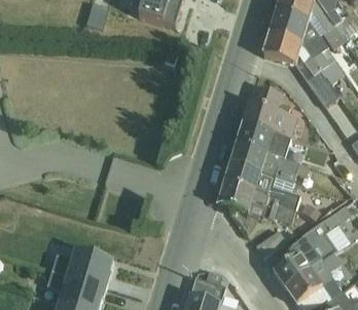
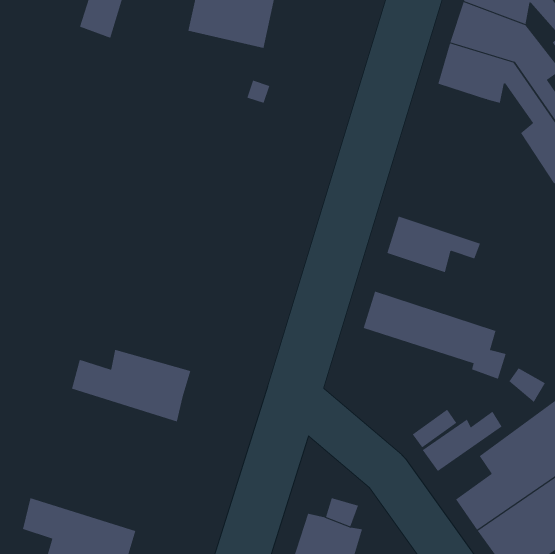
building: [243,84,298,138] -> none
building: [230,142,309,182] -> none
building: [219,181,295,222] -> none
building: [50,248,113,286] -> [71,349,191,422]

